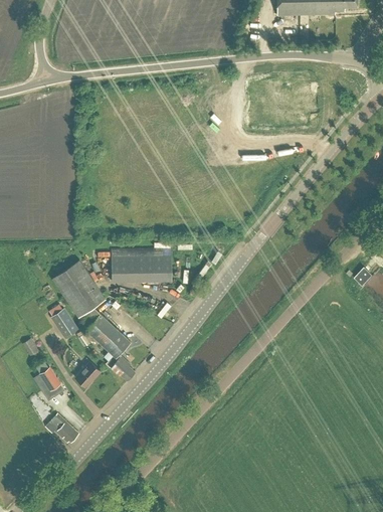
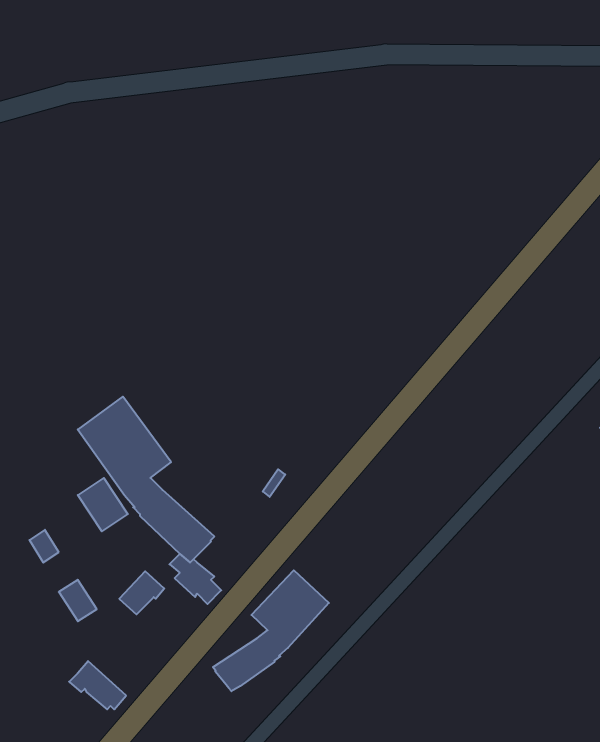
building: [113,250,174,283] -> none
building: none -> [213,570,329,691]

